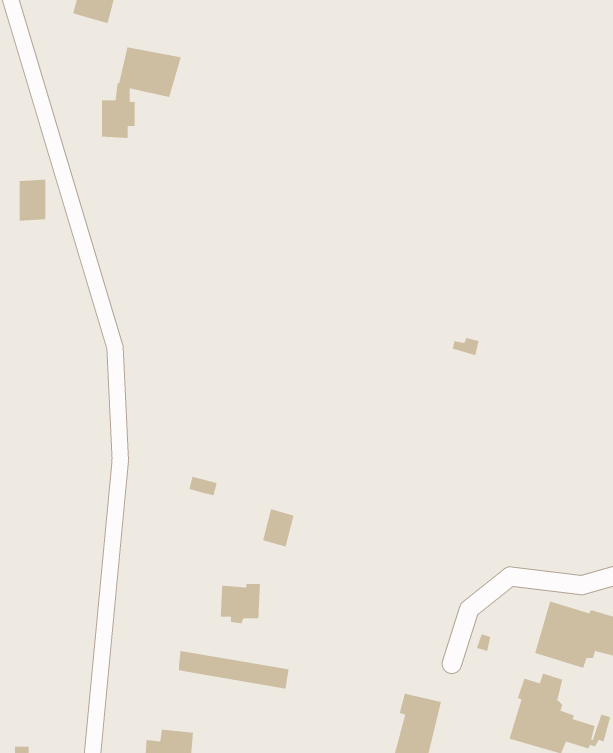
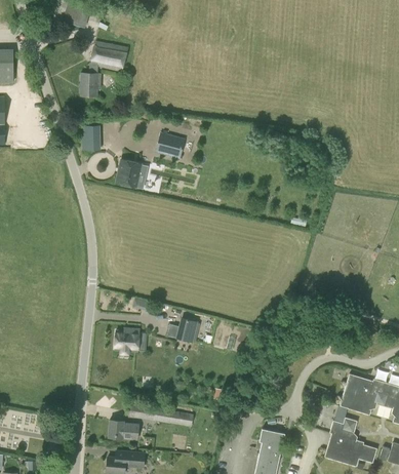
building: [19,179,46,222] -> [82,125,98,151]
building: none -> [156,132,186,158]
building: none -> [116,159,141,187]
building: [220,583,261,624] -> [114,329,138,354]
building: none -> [108,420,138,439]

